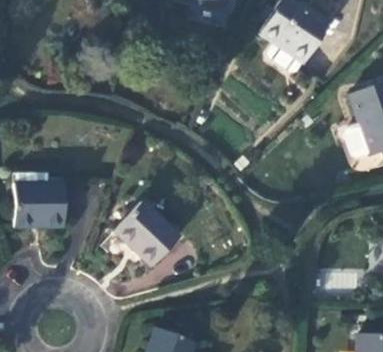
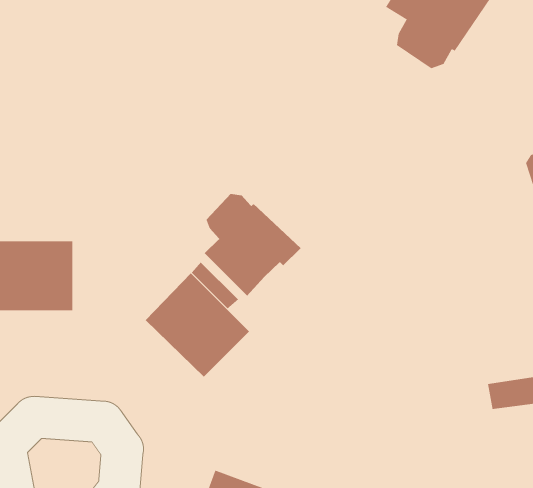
building: none -> [204,193,301,297]

